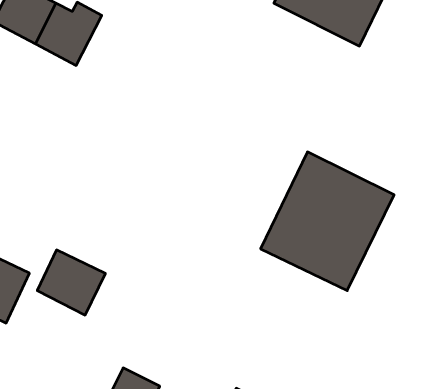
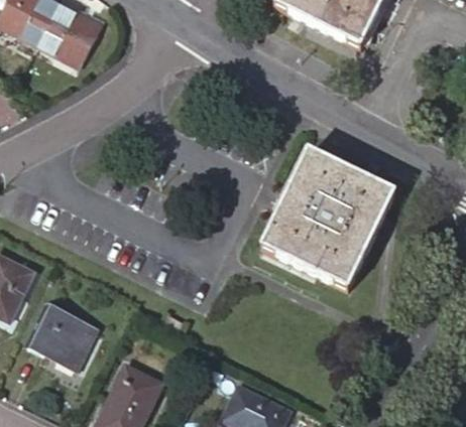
building: [37,250,105,315] -> [28,304,96,369]

